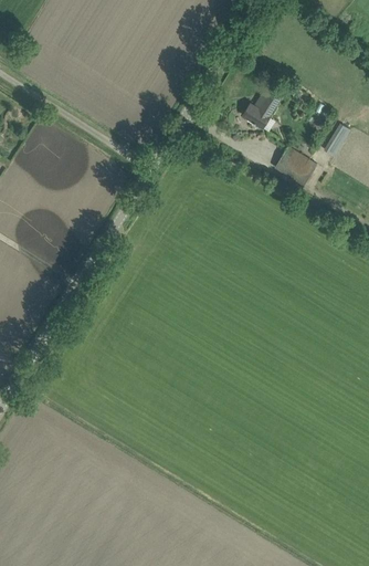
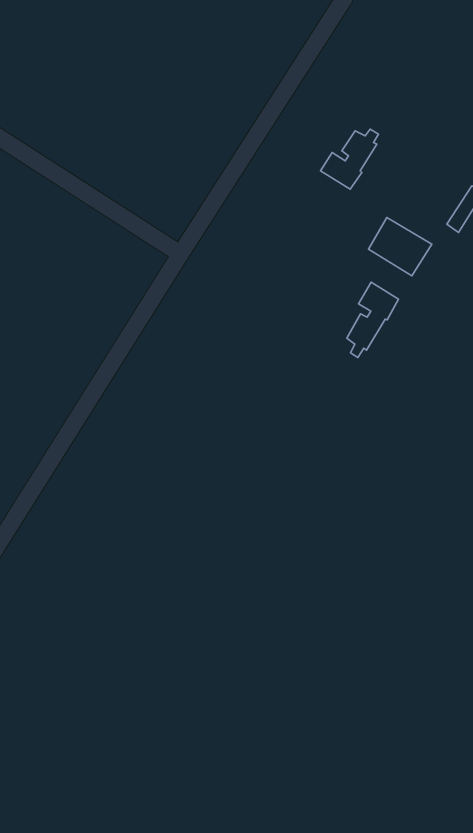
building: none -> [347,282,399,358]

